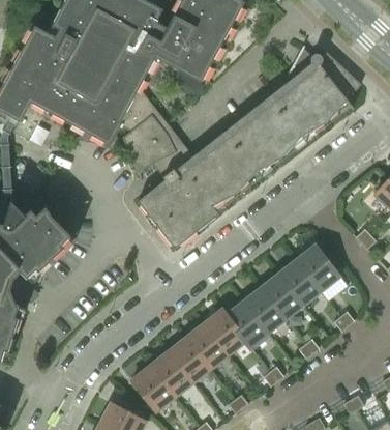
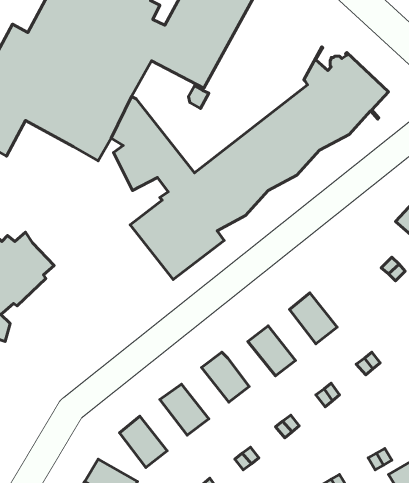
building: [294,247,335,290] -> none
building: [258,275,299,319] -> none
building: [222,303,264,347] -> none
building: [182,325,223,370] -> none
building: [146,353,187,398] -> none

